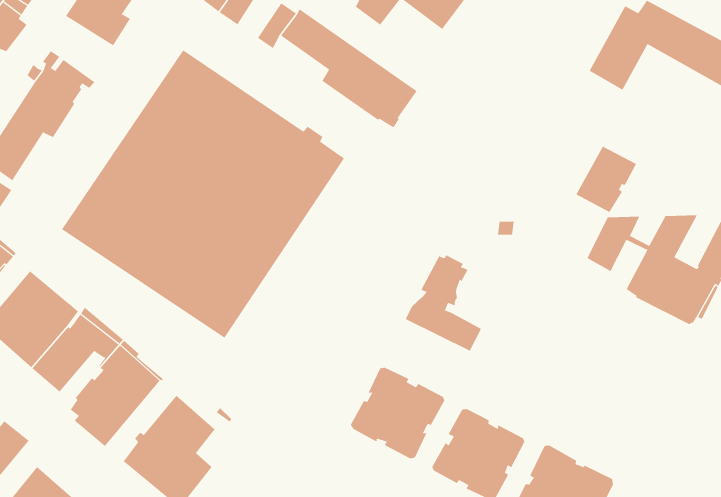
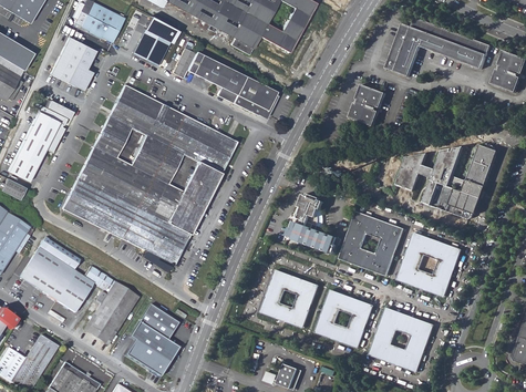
building: [576,146,637,213] -> [349,82,385,124]
building: none -> [340,212,404,275]
building: none -> [399,233,462,297]

